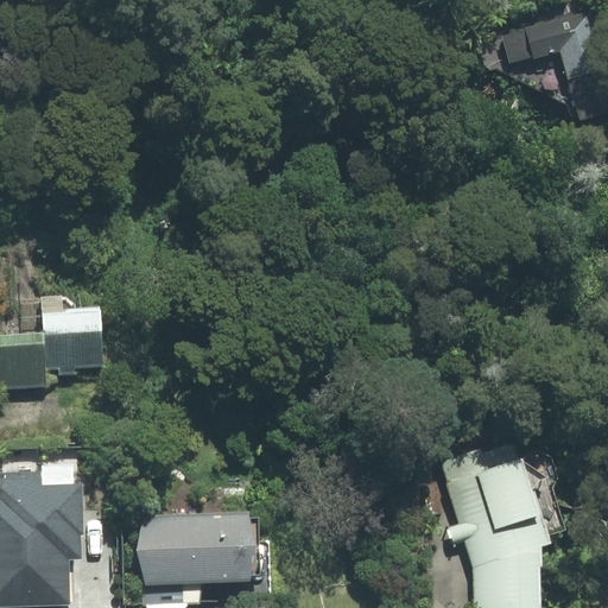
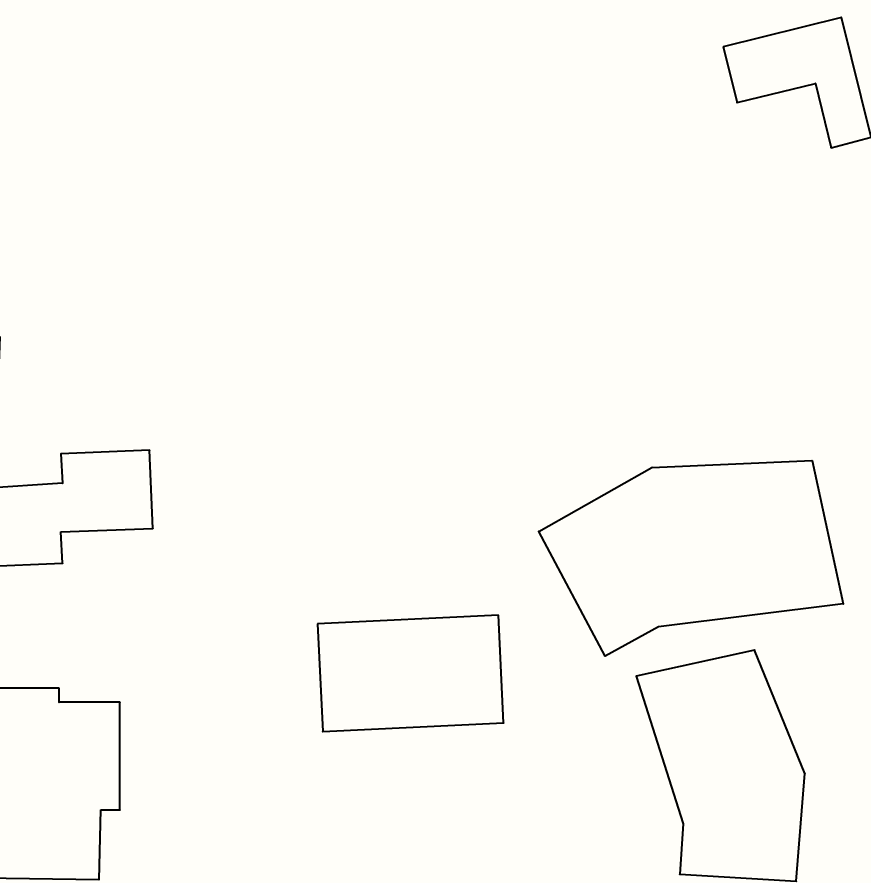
building: none -> [539,461,843,656]
building: [133,509,260,589] -> [318,615,504,732]

